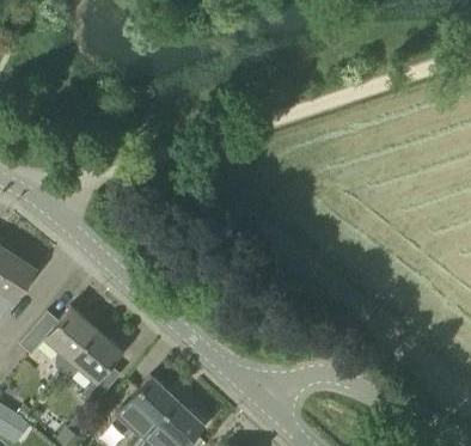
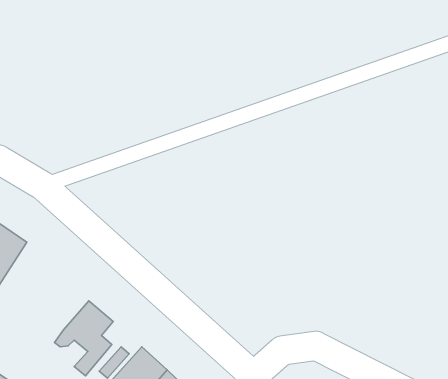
building: [20,308,97,373] -> none

